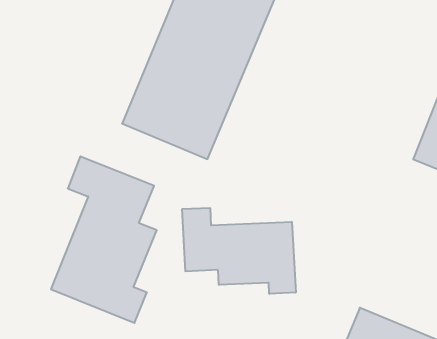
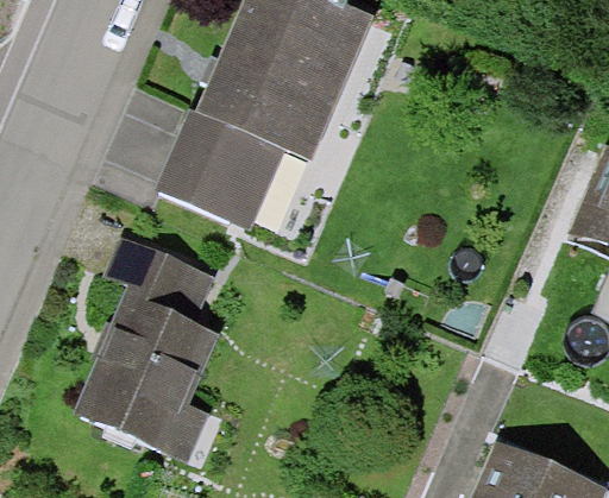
building: [182,208,296,294] -> none

